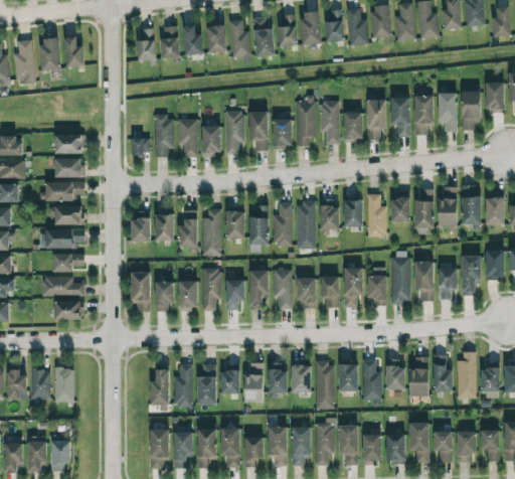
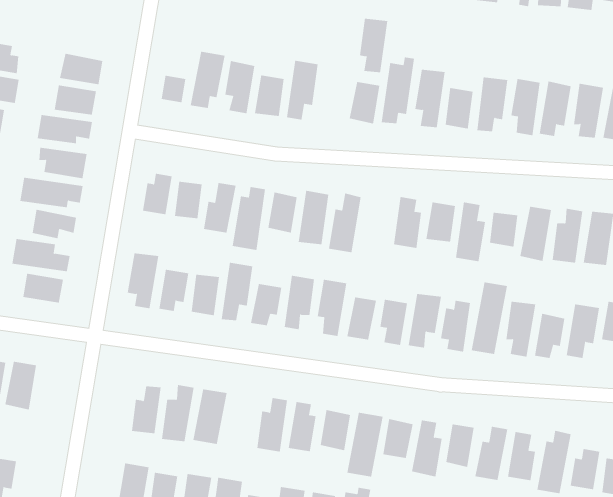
building: [249,111,269,151] -> [359,18,388,73]
building: [297,201,316,249] -> none
building: [221,364,239,393] -> none

